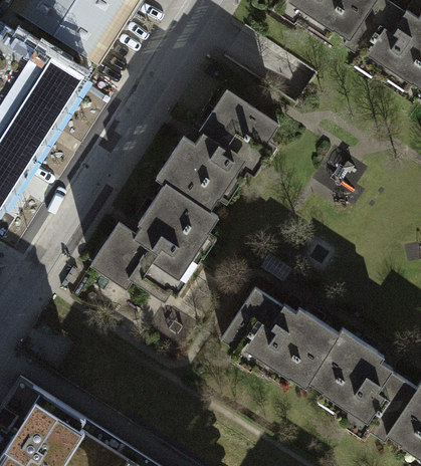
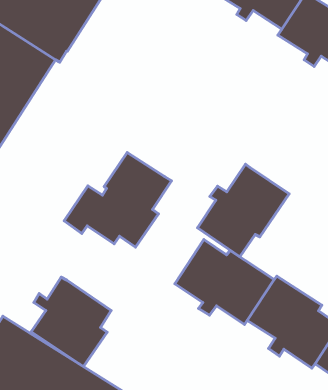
building: [156,91,278,213] -> none
building: none -> [197,164,289,257]
building: none -> [31,277,111,367]

